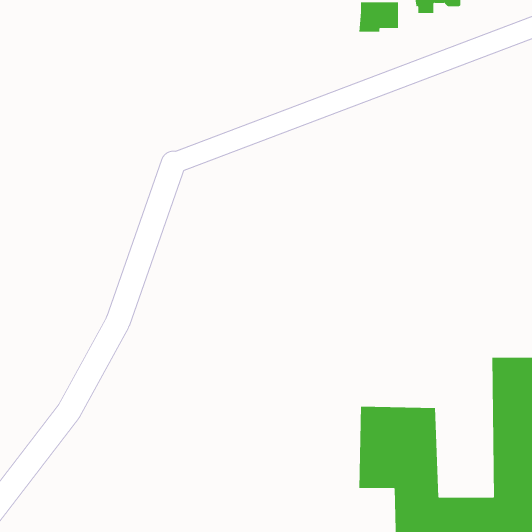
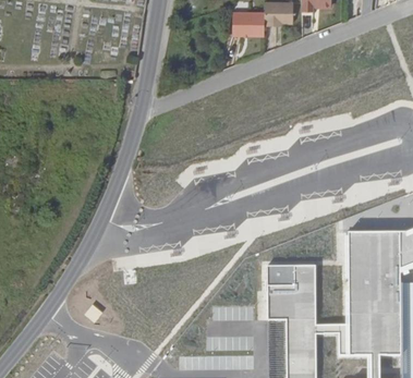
building: none -> [232,10,266,34]

